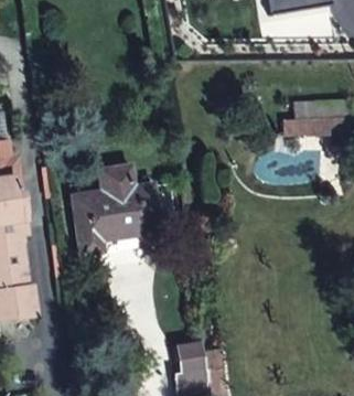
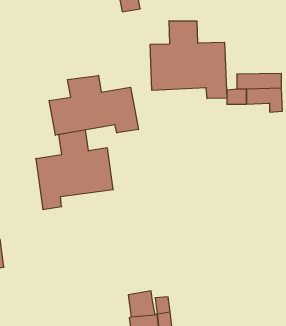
building: none -> [150,21,227,99]
building: none -> [49,75,138,135]

